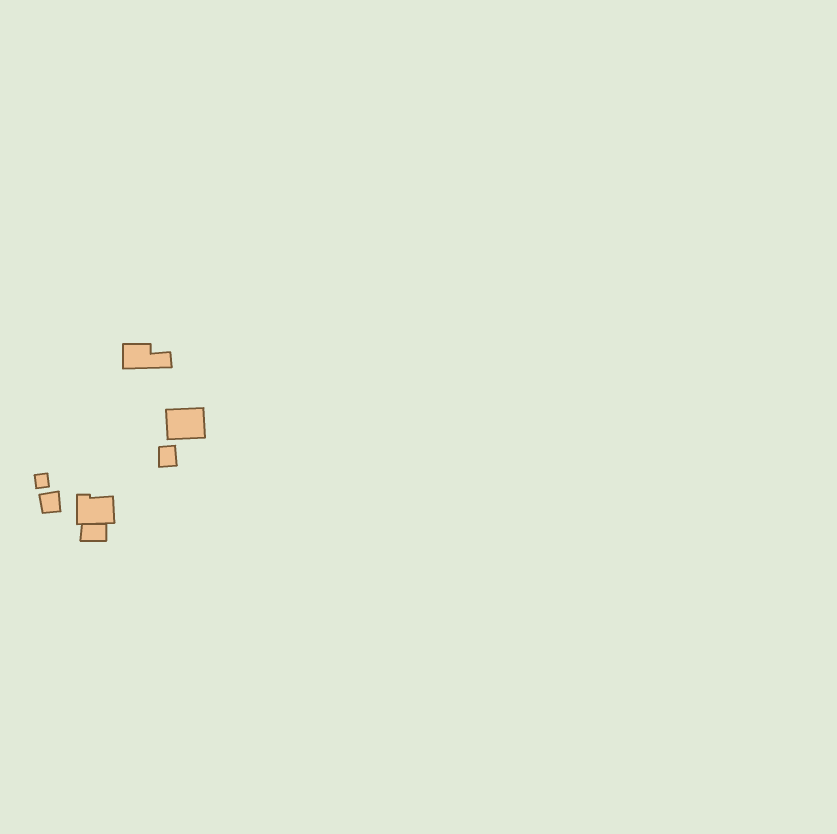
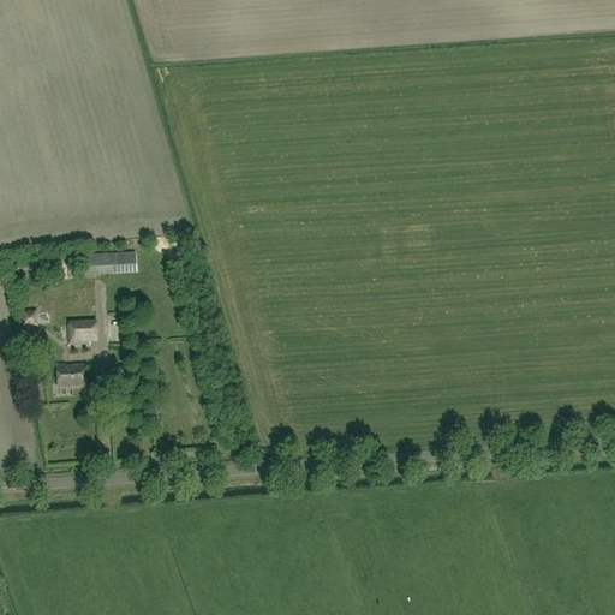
building: [166,408,205,439] -> [68,318,97,341]

